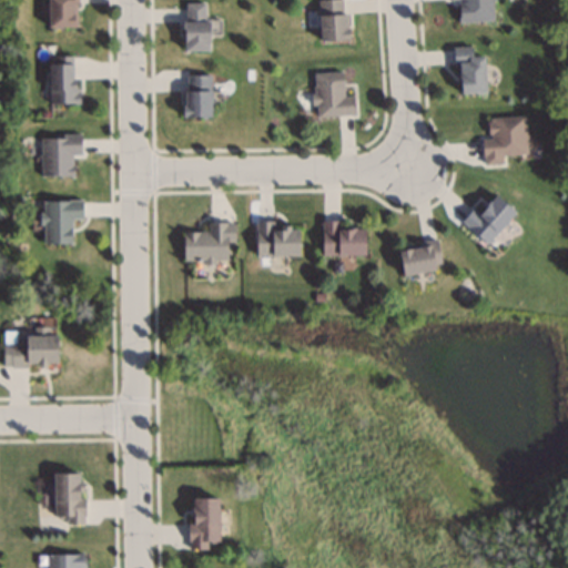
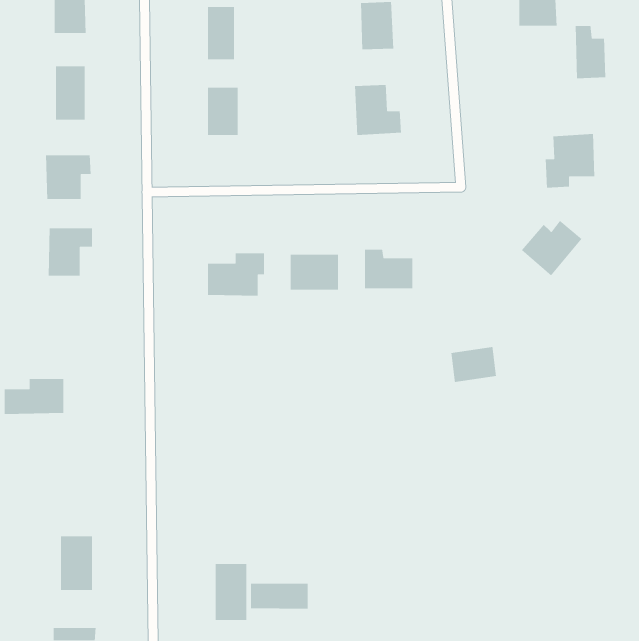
building: [459,48,487,95] -> [575,25,606,79]
building: [402,242,443,274] -> [450,346,497,383]
building: none -> [250,583,308,609]

